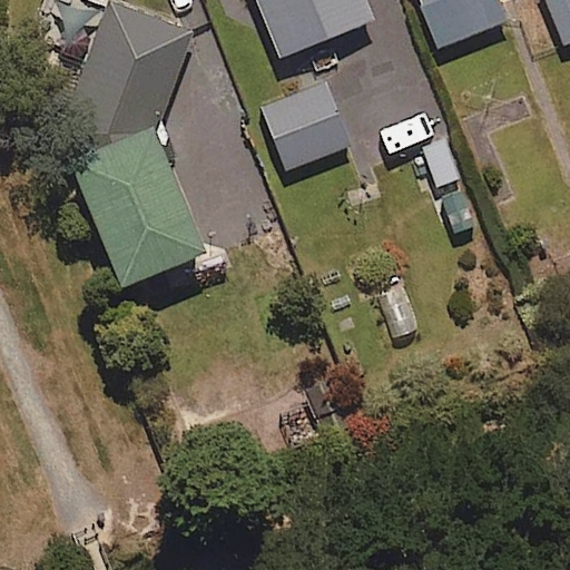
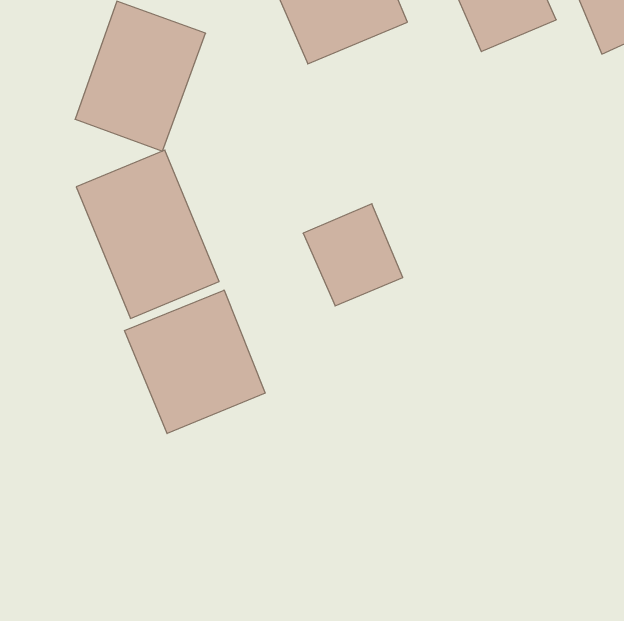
building: [258,78,348,170] -> [303,204,403,306]
building: none -> [125,290,265,434]

